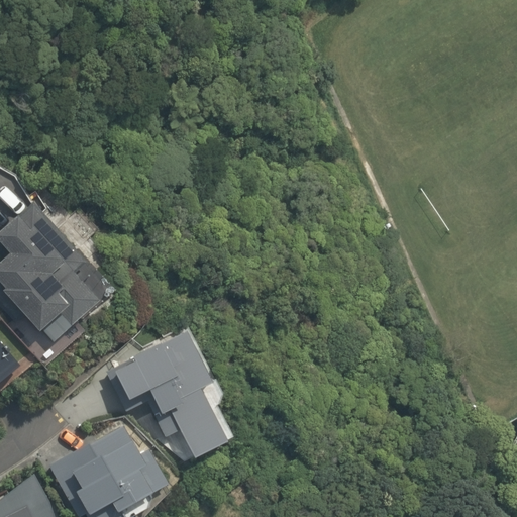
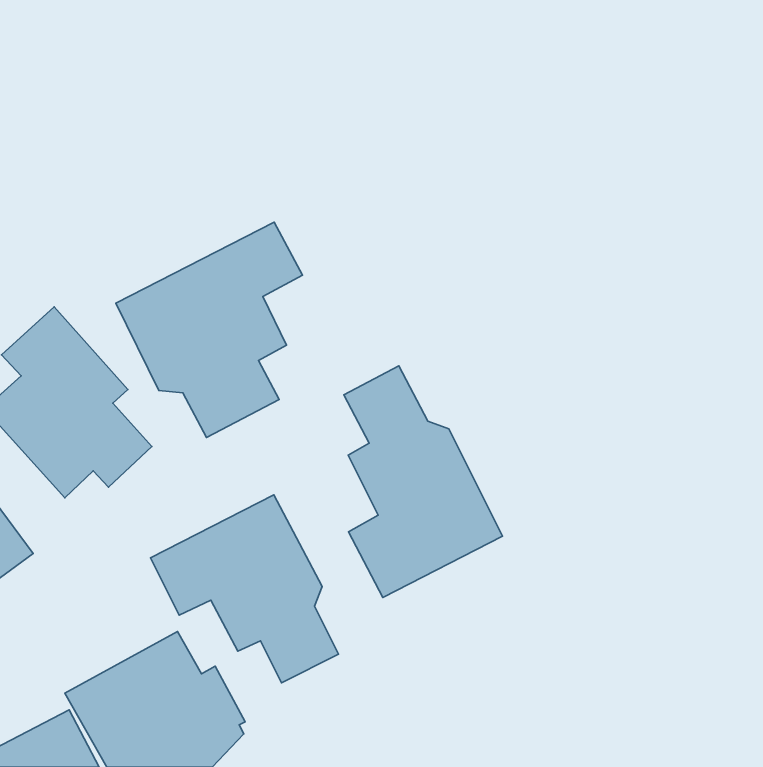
building: none -> [116,222,302,438]
building: none -> [344,366,503,598]

